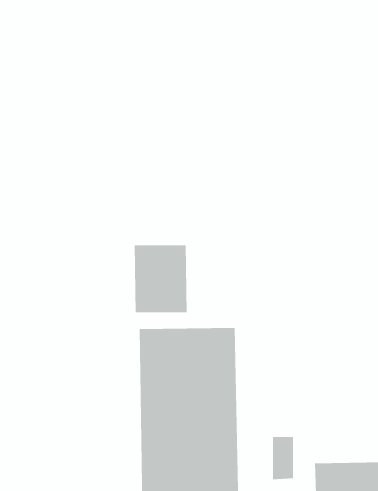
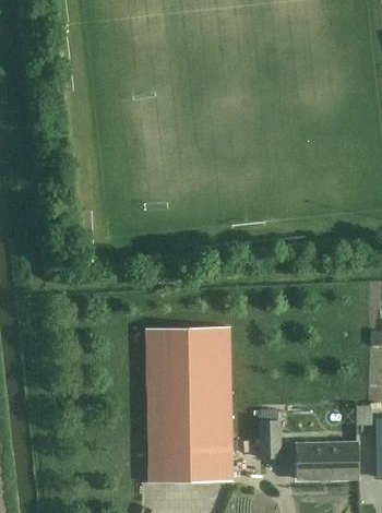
building: [134,244,187,313] -> none

